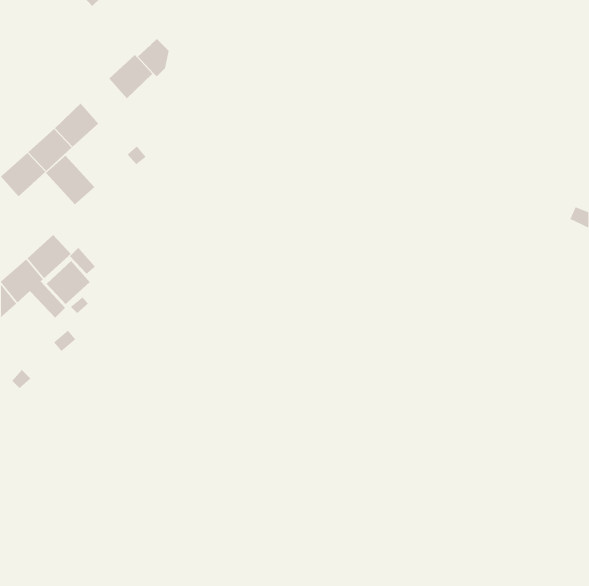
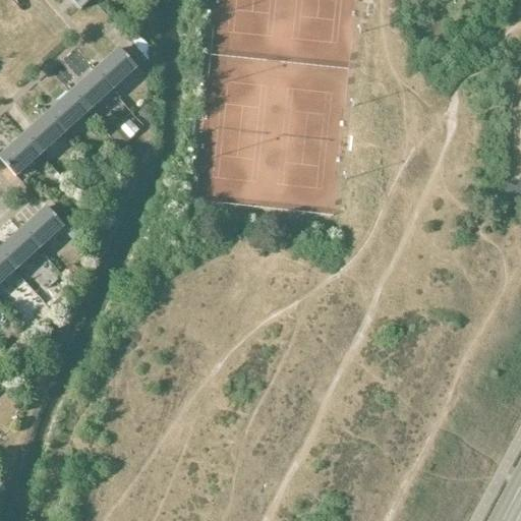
building: none -> [71,69,112,109]
building: [45,155,95,205] -> none
building: [46,260,90,305] -> none

